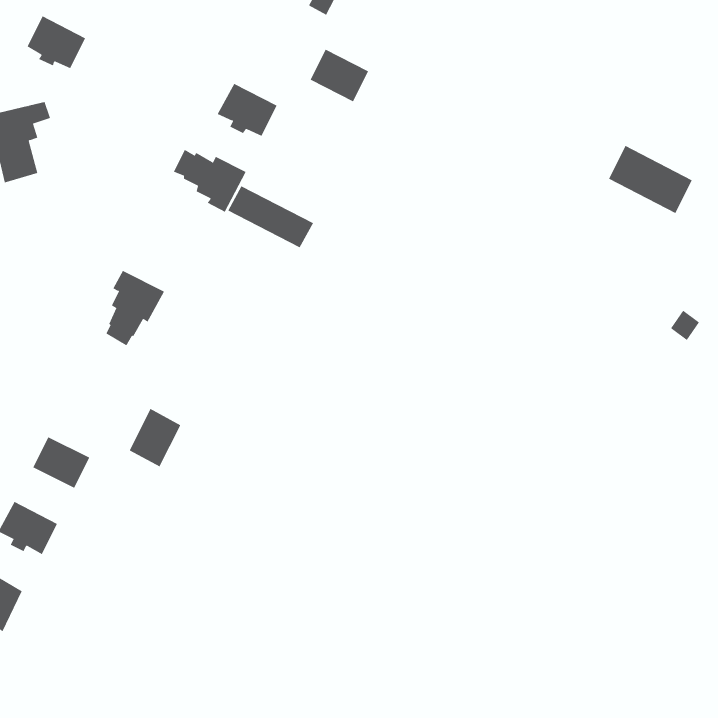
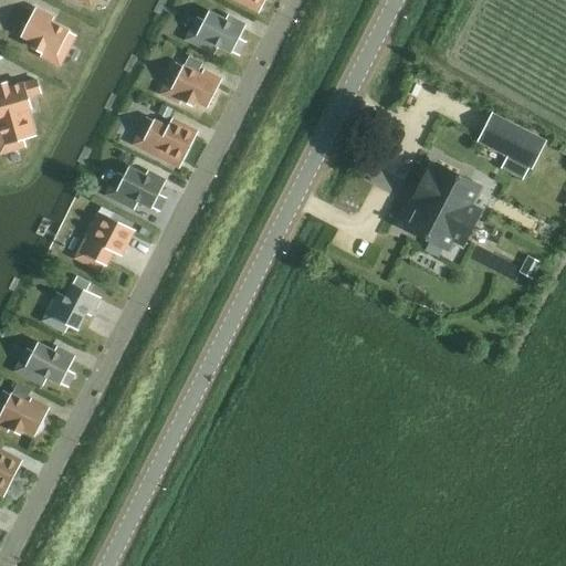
building: [310,49,369,102] -> [196,11,242,53]
building: [227,185,314,248] -> none
building: none -> [403,164,480,250]
building: none -> [116,167,161,208]
building: [129,408,181,467] -> [53,283,94,329]

